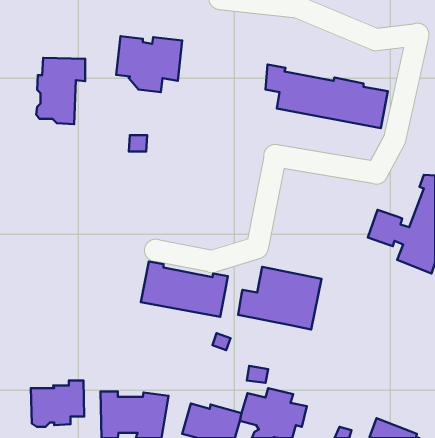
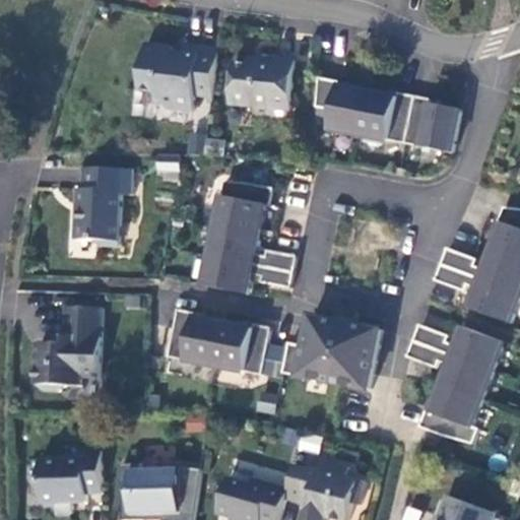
building: none -> [228,53,291,115]
building: [36,58,85,124] -> [72,167,130,245]
building: none -> [202,180,295,292]
building: none -> [32,306,100,390]
building: none -> [405,324,503,443]

